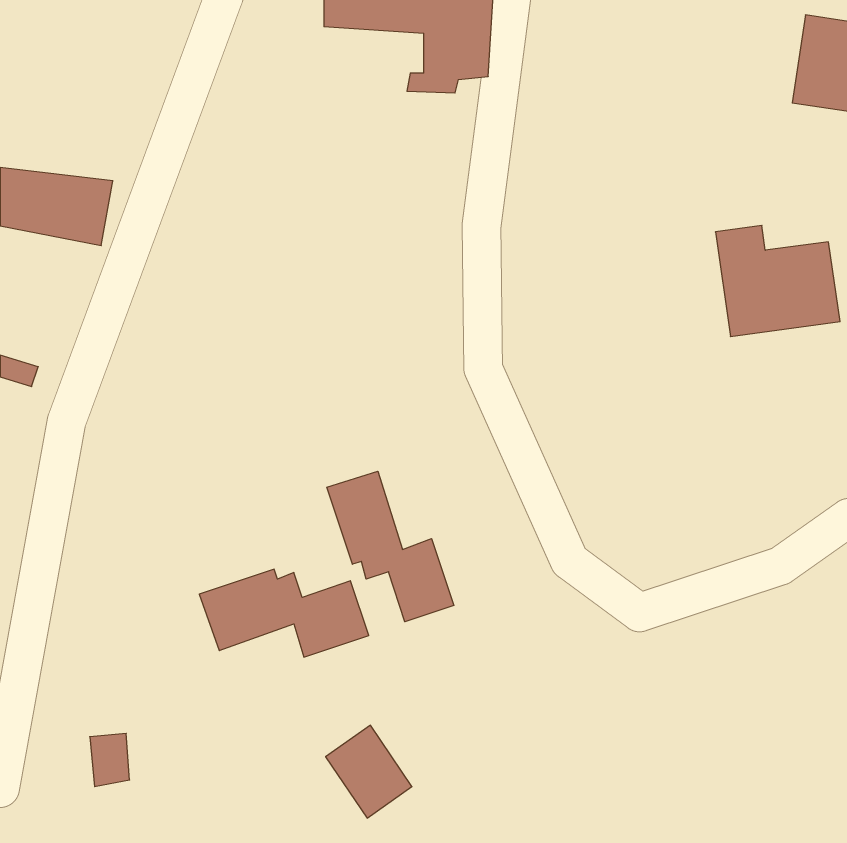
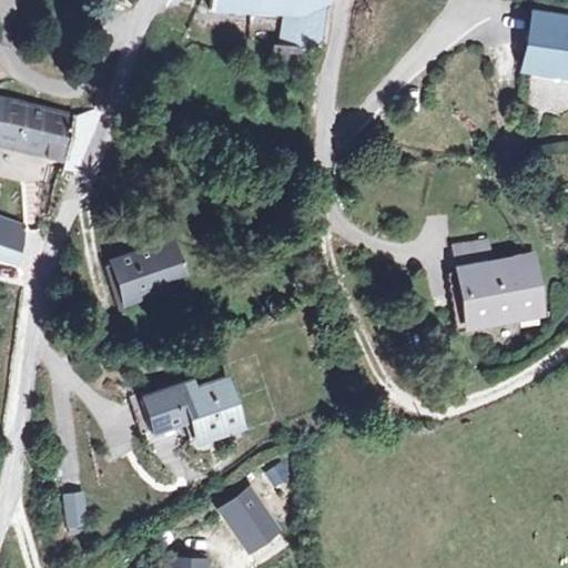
building: [715,225,840,337] -> [453,243,536,317]
building: none -> [108,239,190,305]
building: [327,471,454,622] -> none

